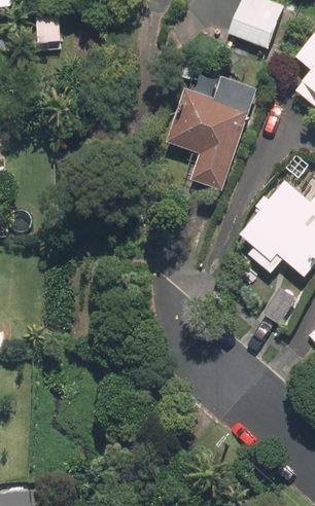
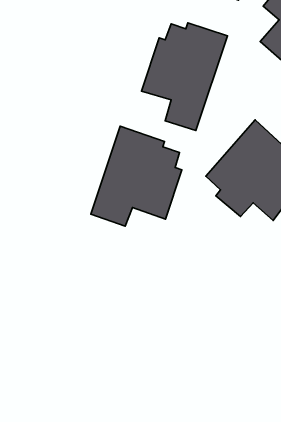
building: none -> [91,126,182,226]

